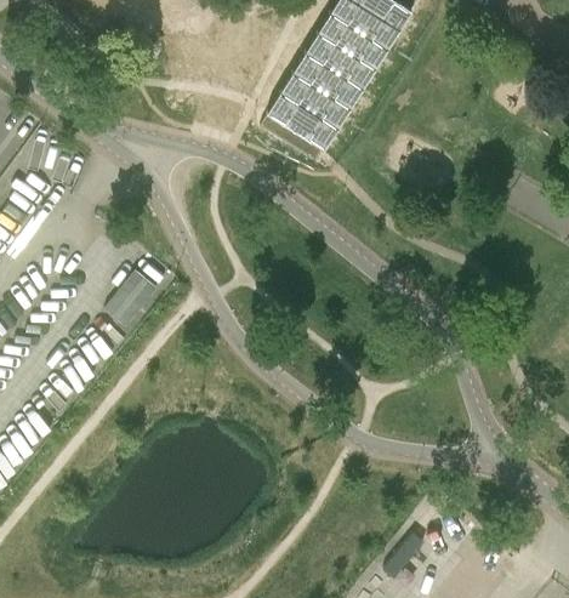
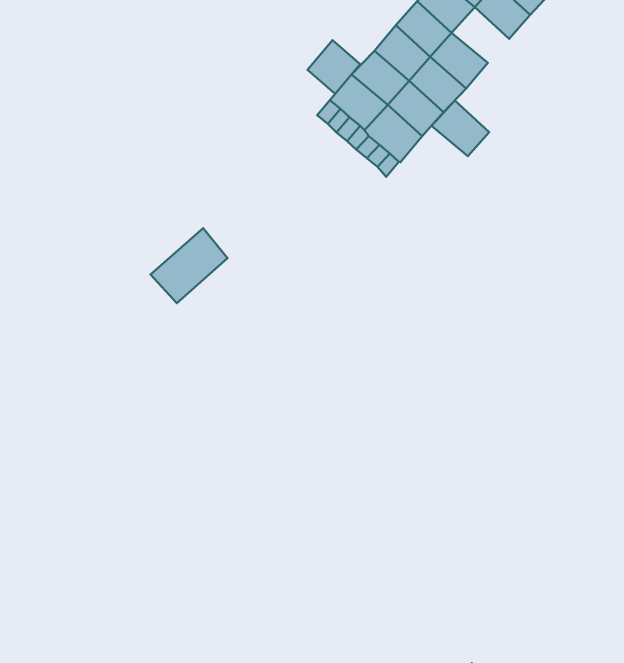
building: [346,29,387,67] -> [431,101,489,156]
building: none -> [307,40,360,94]
building: [106,268,158,324] -> [151,228,227,303]

